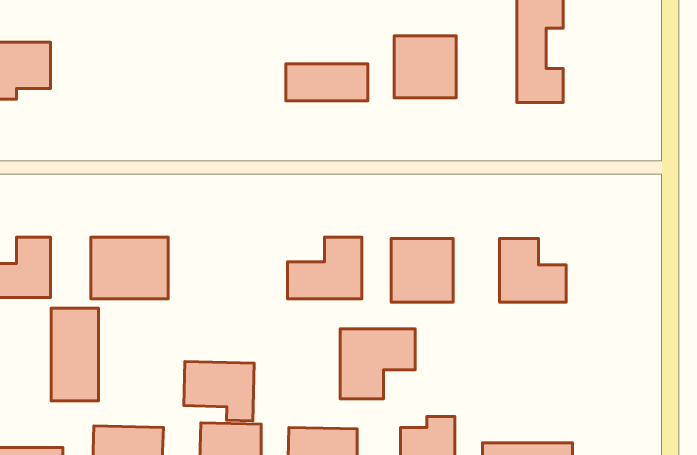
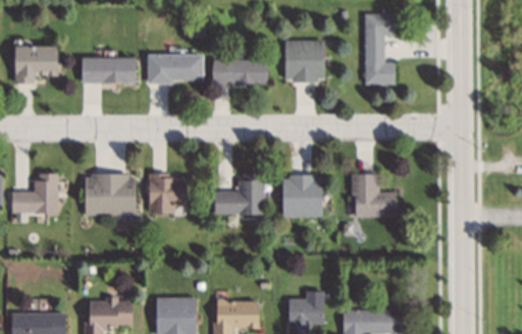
building: none -> [148,55,203,82]
building: none -> [81,58,136,84]
building: none -> [149,174,187,214]
building: [51,308,98,401] -> none
building: [340,329,415,399] -> none
building: [184,361,254,421] -> none

